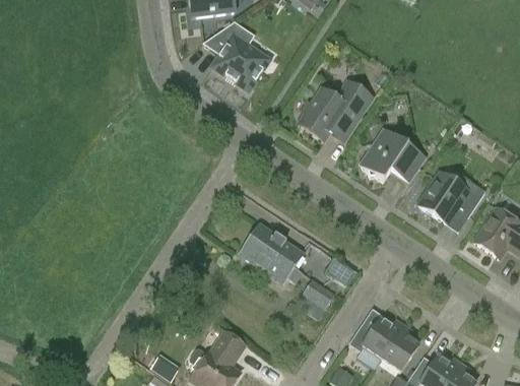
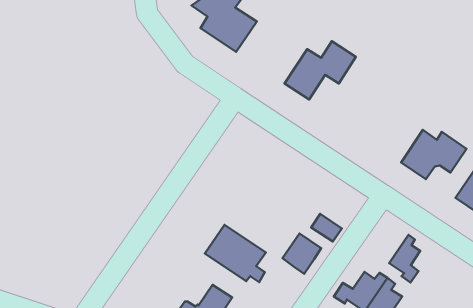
building: [358,126,424,180] -> none
building: [240,223,303,282] -> [205,225,266,282]
building: none -> [389,235,420,282]

